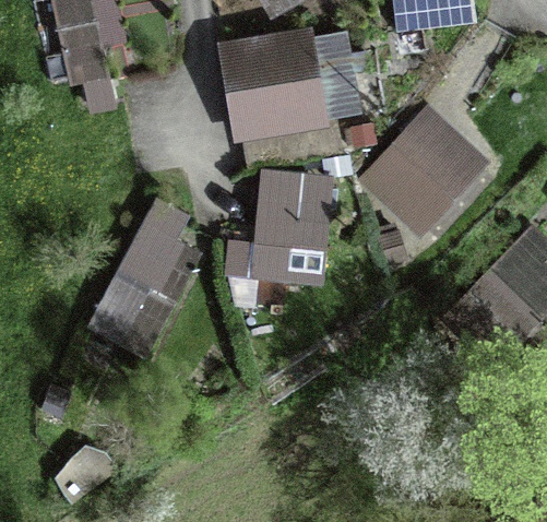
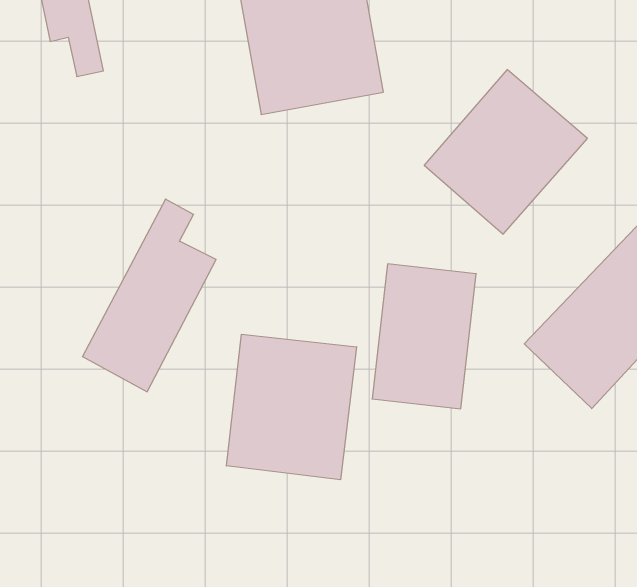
building: [250,171,331,284] -> [372,264,476,409]
building: none -> [226,334,357,480]

